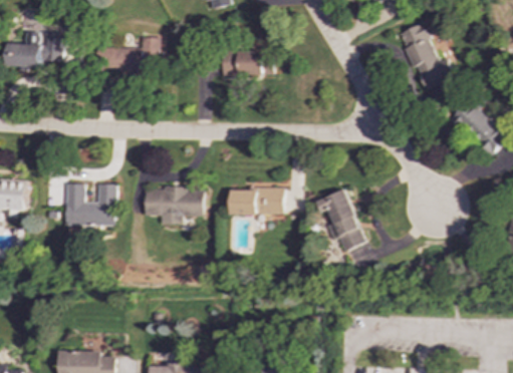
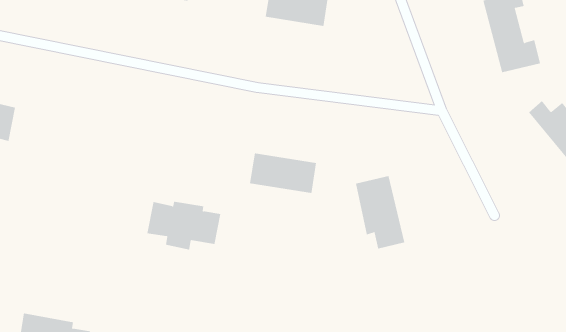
building: [65,182,116,225] -> none
building: [145,185,204,224] -> [146,201,221,250]

